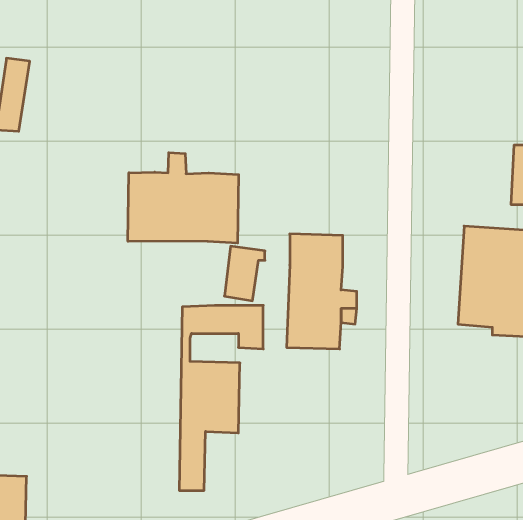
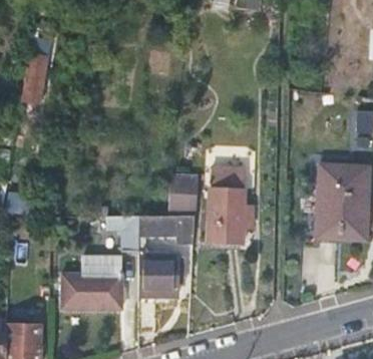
building: [128,153,239,243] -> none
building: none -> [107,218,138,254]
building: none -> [64,259,123,308]

